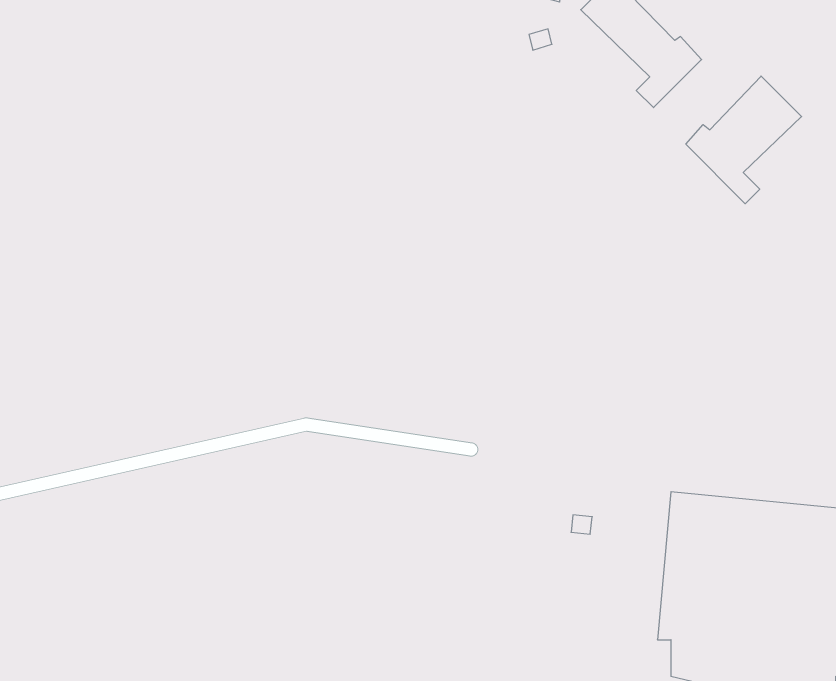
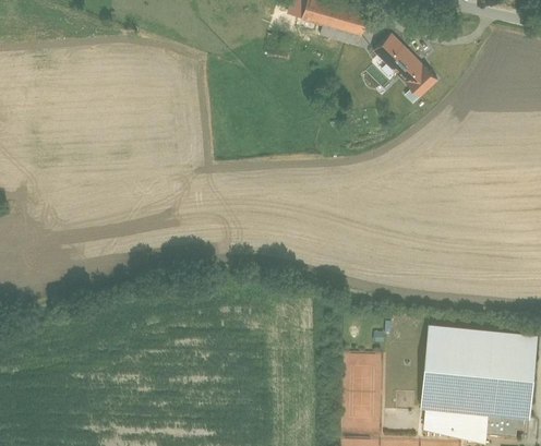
building: [686,76,802,204] -> none

